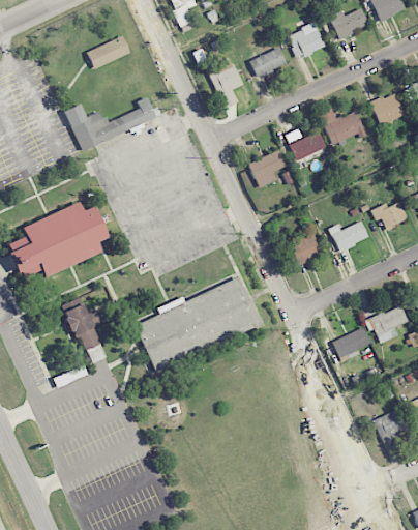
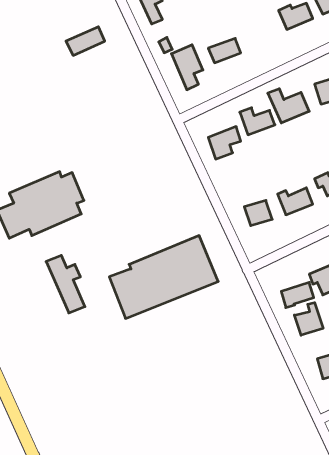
building: [288,23,325,58] -> none
building: [65,96,157,150] -> none
building: none -> [294,303,323,335]

